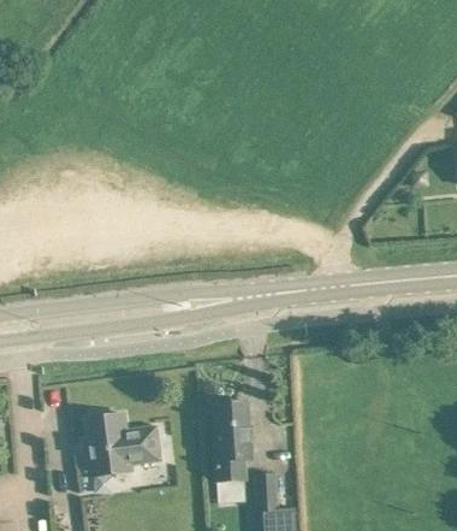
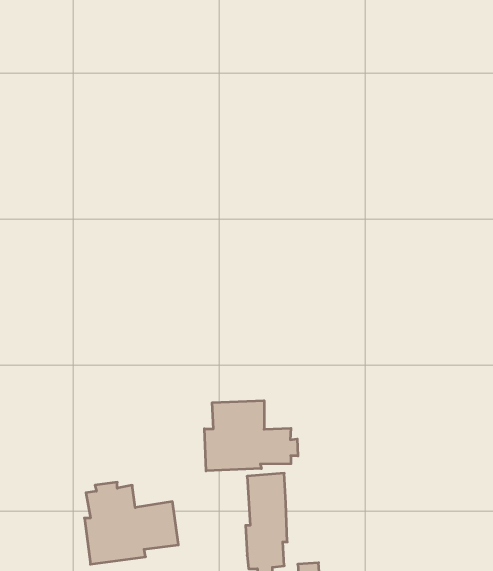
building: none -> [204,401,298,471]

